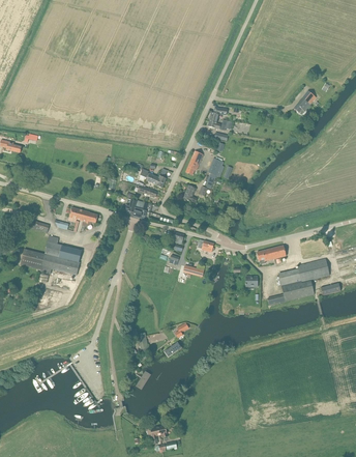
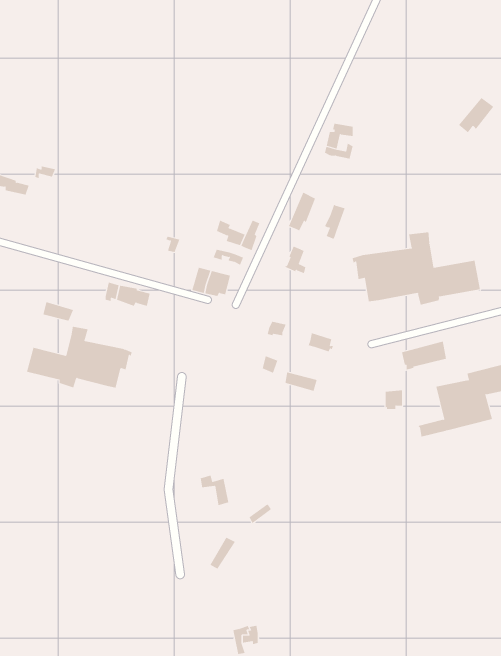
building: none -> [352,231,480,306]

